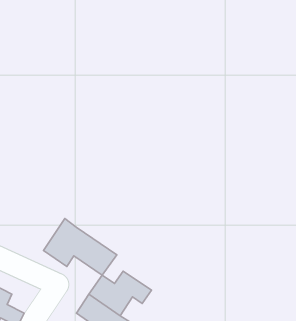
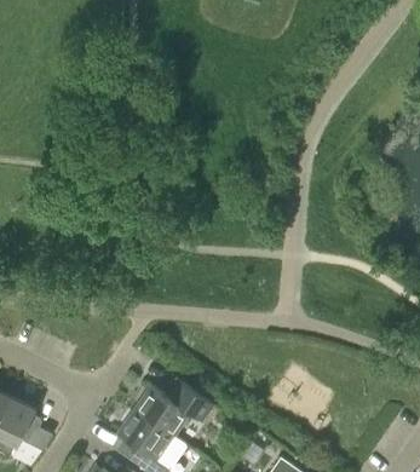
building: [44,219,117,275] -> none

